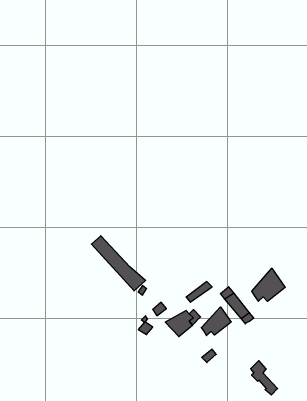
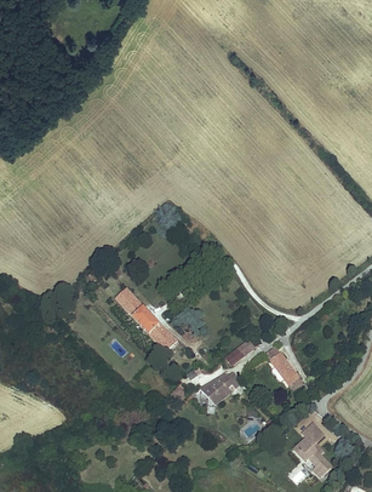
building: [252,268,285,301] -> none
building: [201,307,231,336] -> none

